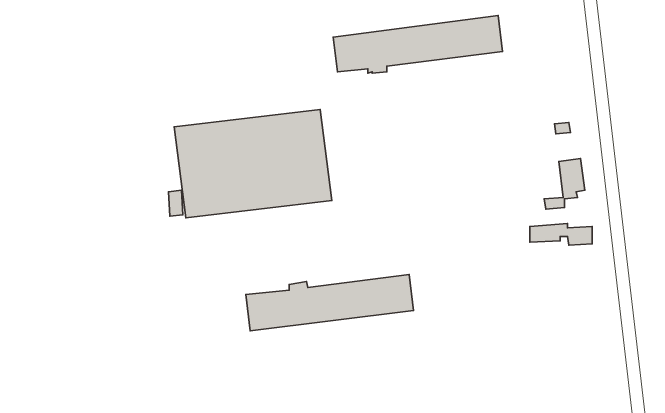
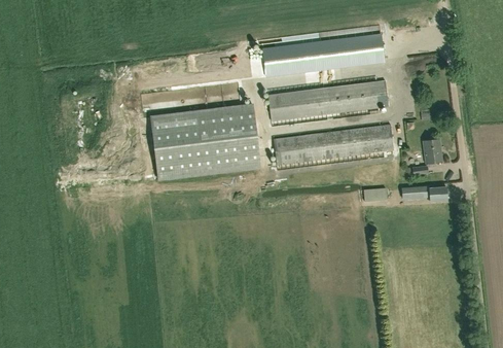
building: none -> [267,80,388,120]
building: [246,274,414,331] -> [274,124,393,164]

